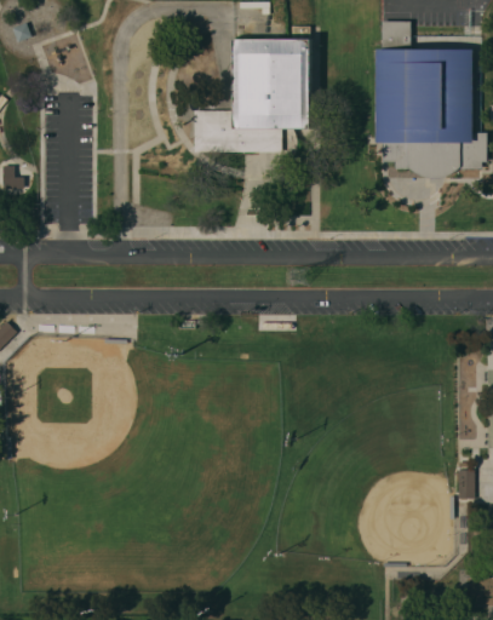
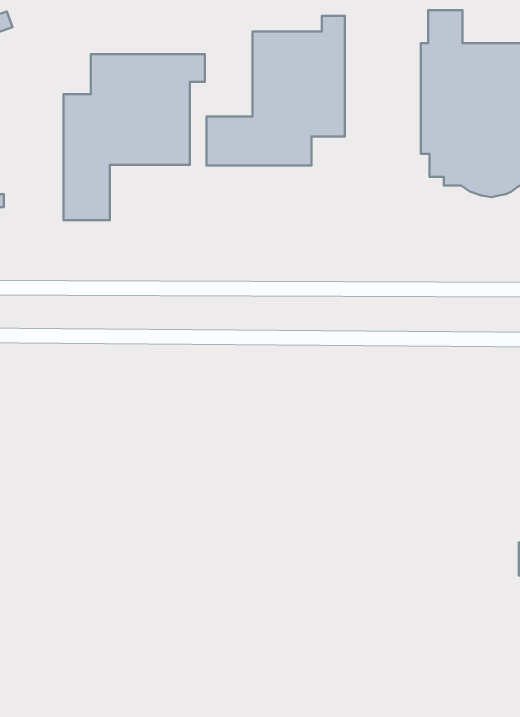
building: none -> [64,54,205,220]

